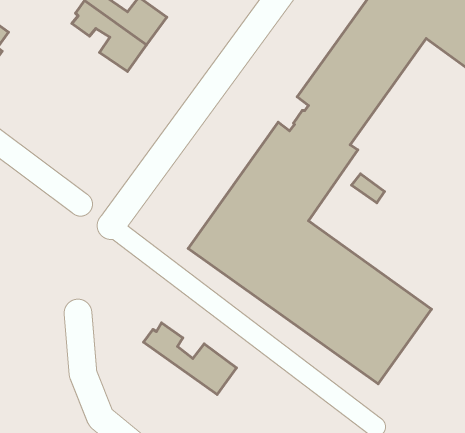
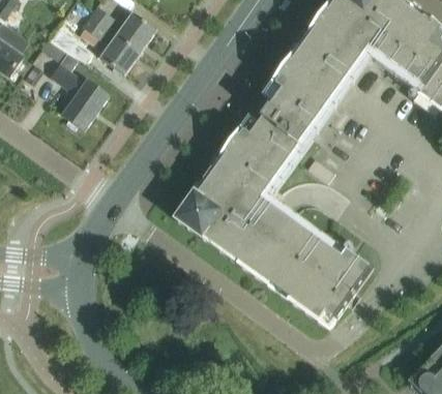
building: none -> [43,38,110,128]
building: [144,323,236,395] -> none

